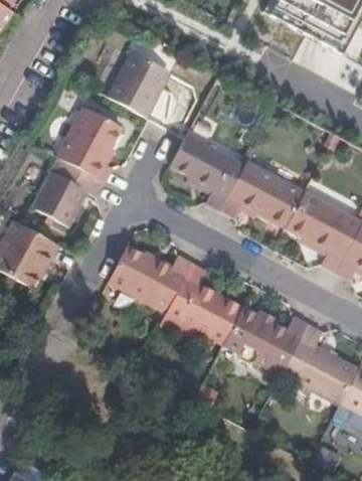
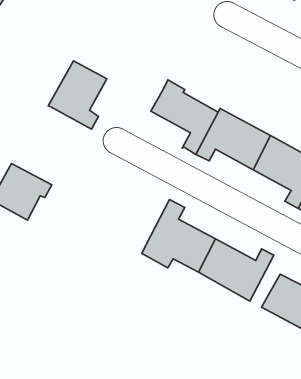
building: [108,52,170,118] -> none
building: [32,158,104,226] -> none
building: [108,246,191,312] -> none

